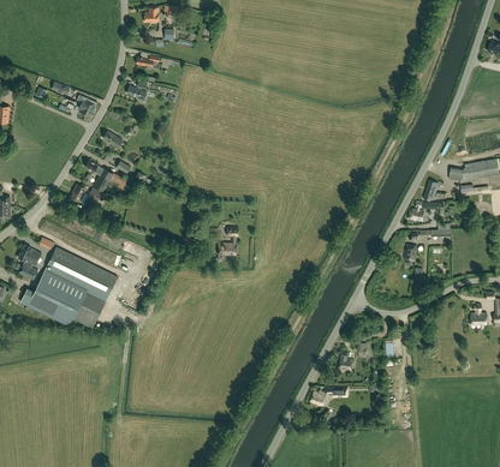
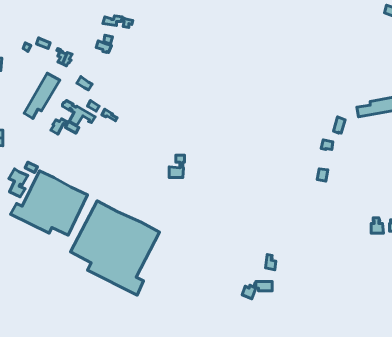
building: none -> [24,73,60,118]
building: none -> [71,201,159,295]

